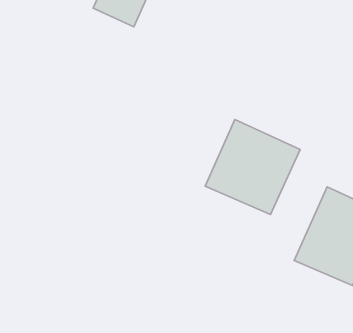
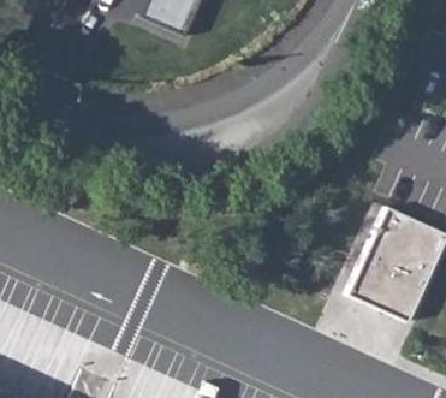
building: [205,120,300,215] -> none

